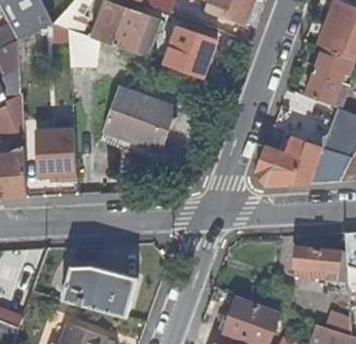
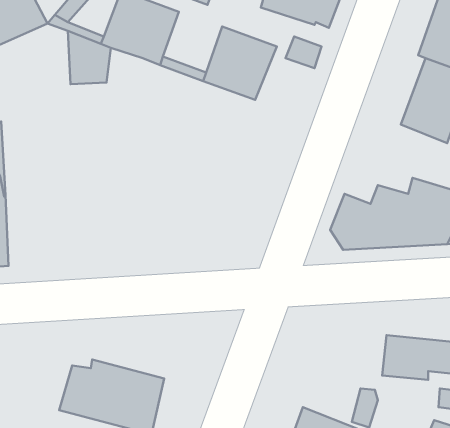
building: [106,89,176,161] -> none
building: [35,128,77,178] -> none

